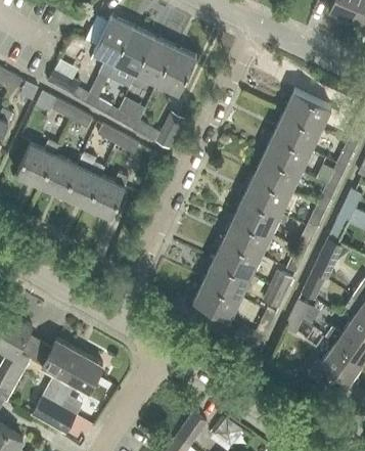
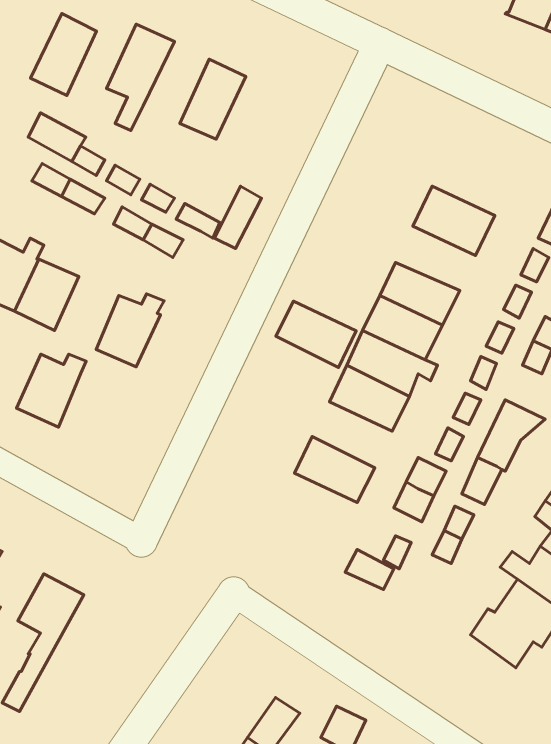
building: [115,27,153,75] -> [30,14,97,95]
building: [157,47,196,95] -> none
building: [284,90,331,129] -> none
building: [263,135,310,173] -> none
building: [62,165,103,208] -> [17,354,86,427]
building: [214,238,261,277] -> [276,301,356,367]
building: [193,280,240,319] -> none
building: [42,352,102,434] -> none

